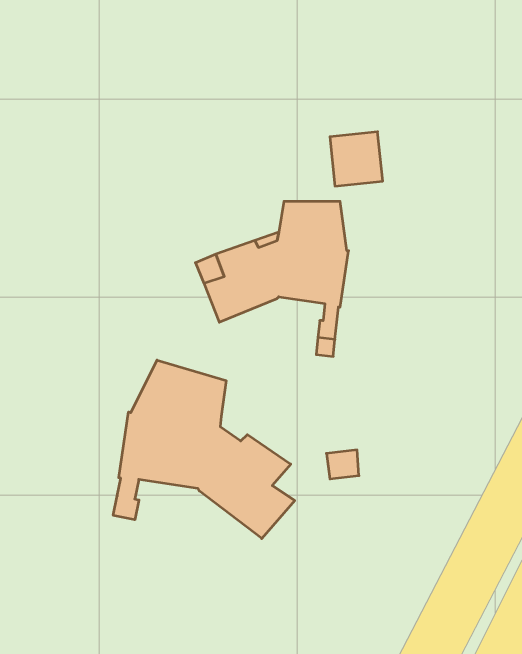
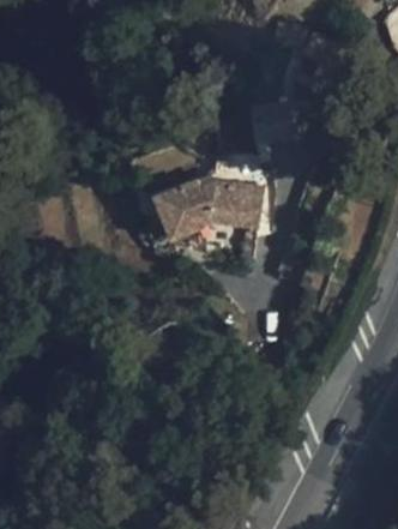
building: [113,360,295,539] -> none

